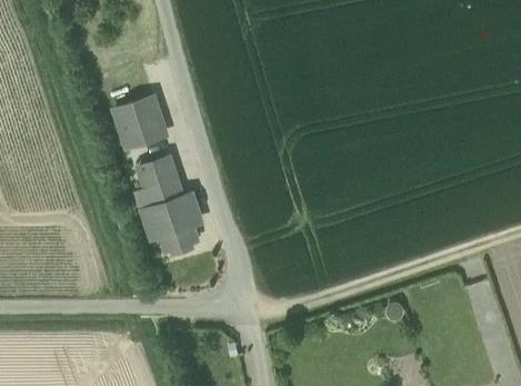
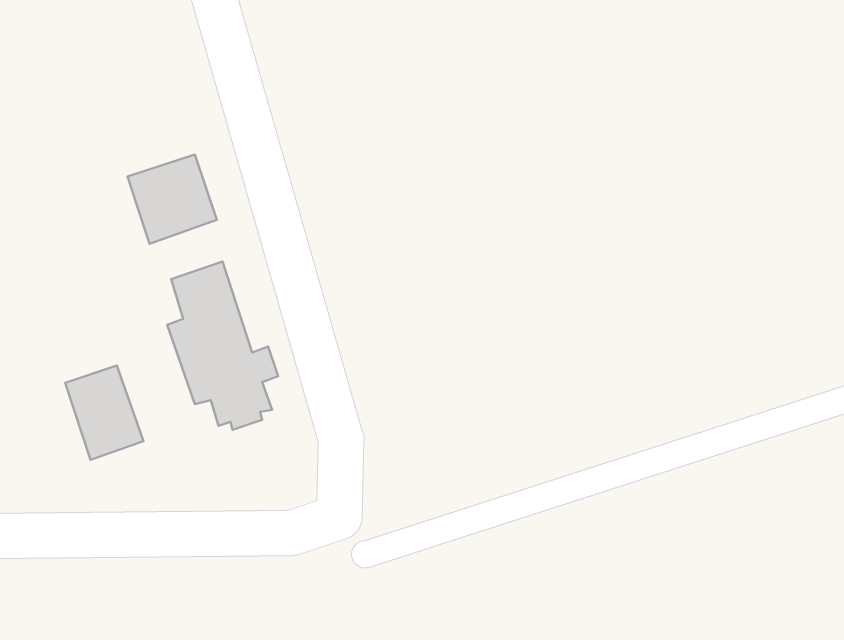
building: none -> [65,365,143,460]

